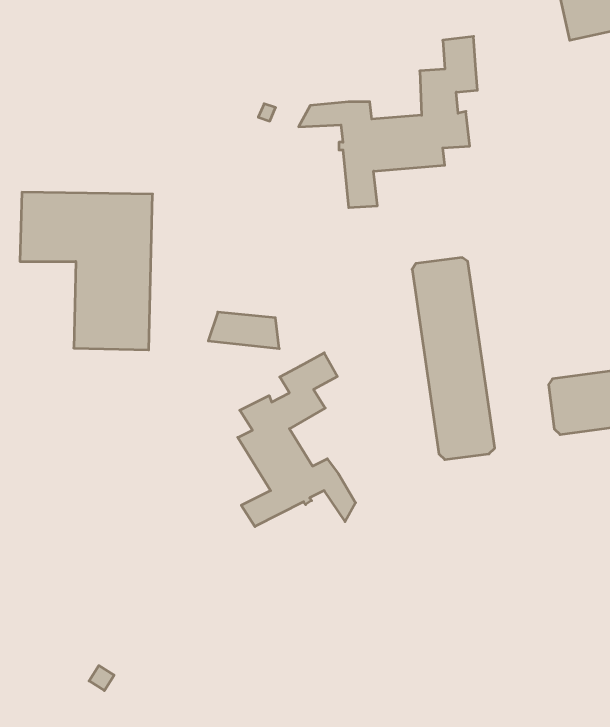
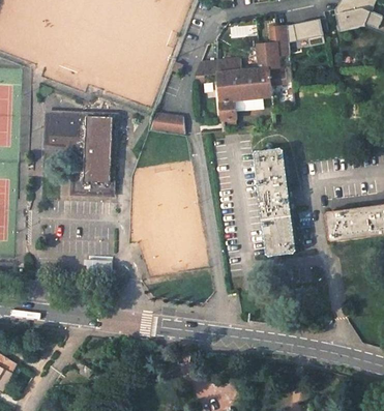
building: none -> [286,19,324,47]
building: [208,312,279,349] -> [148,117,186,137]
building: [238,353,356,527] -> none

